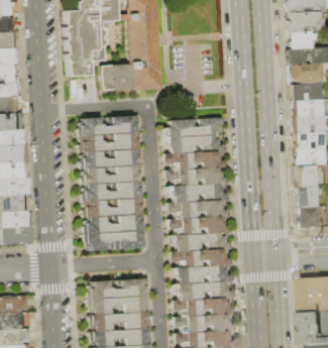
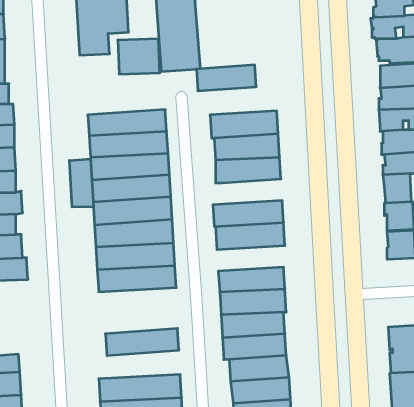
building: none -> [69,159,93,207]
building: [177,168,221,188] -> [196,65,256,91]
building: [173,218,224,237] -> none
building: [84,298,145,317] -> none

